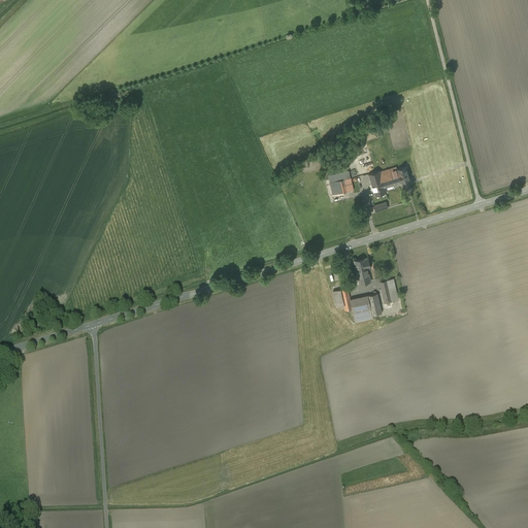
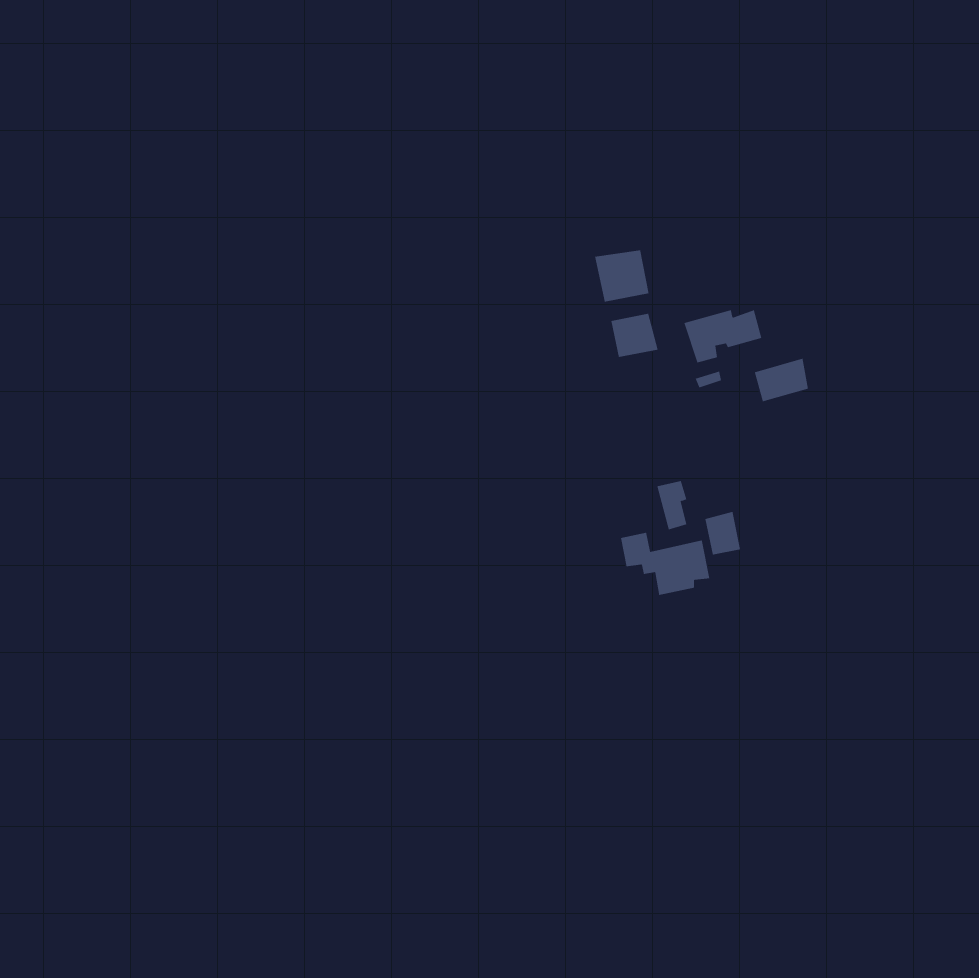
building: none -> [595,250,649,302]
building: none -> [754,358,809,402]

